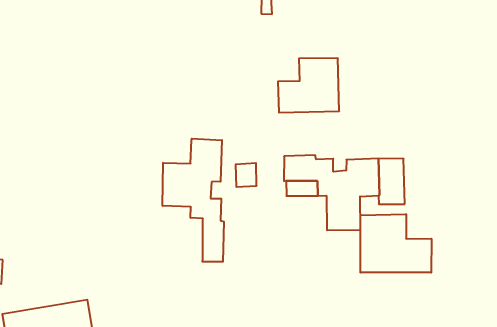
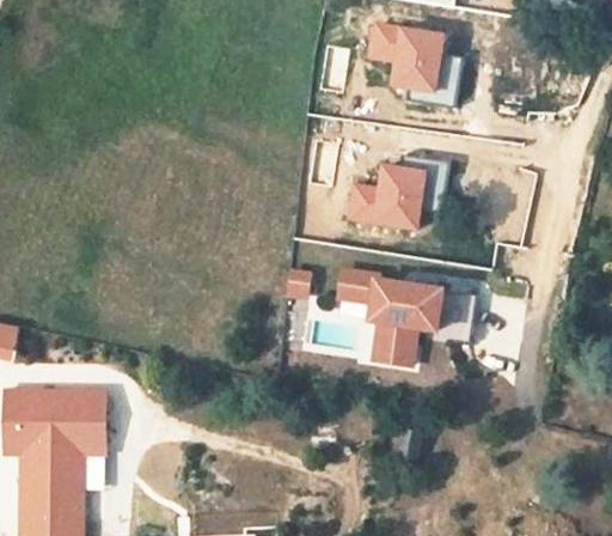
building: [163,139,224,262] -> none
building: [360,214,431,273] -> none

